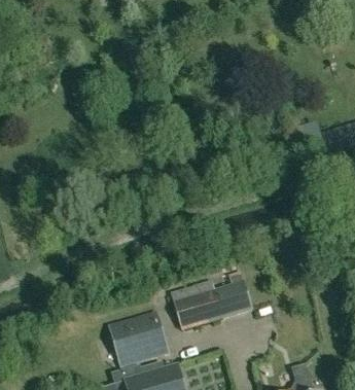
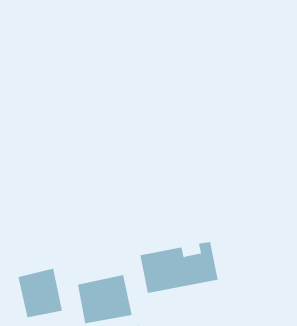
building: none -> [18,268,63,318]

